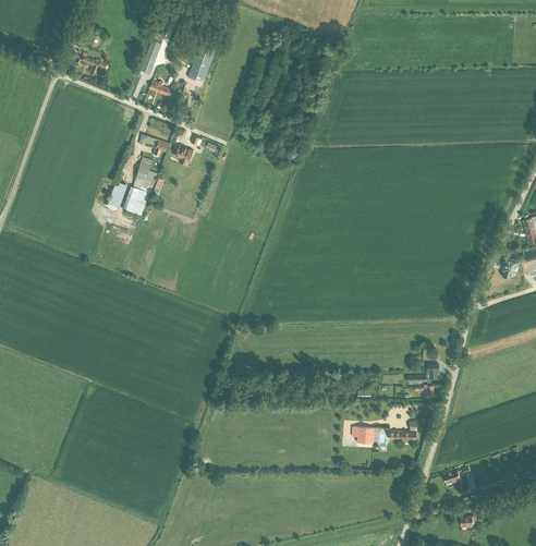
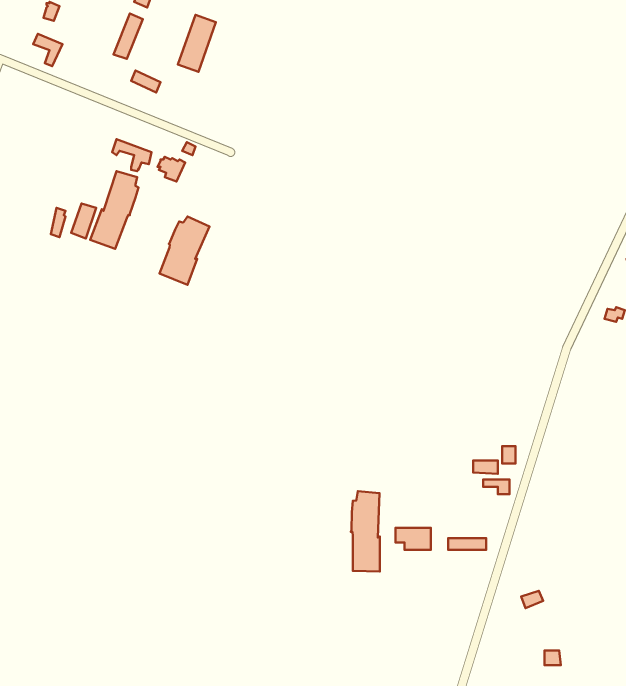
building: none -> [159,216,209,285]
building: none -> [351,491,380,571]

